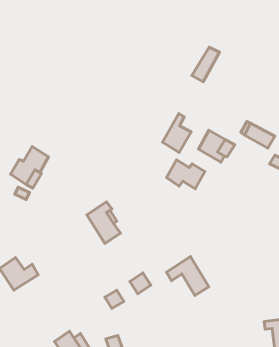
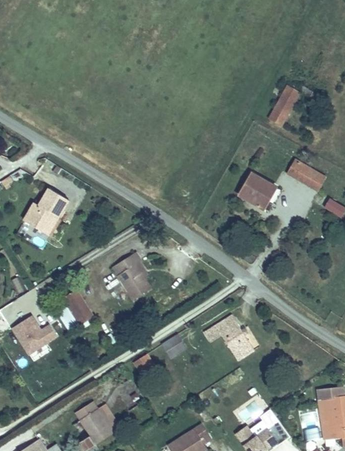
building: [192,47,219,82] -> [270,84,302,124]
building: [162,114,191,153] -> none
building: [166,160,205,189] -> none
building: none -> [62,291,91,324]

